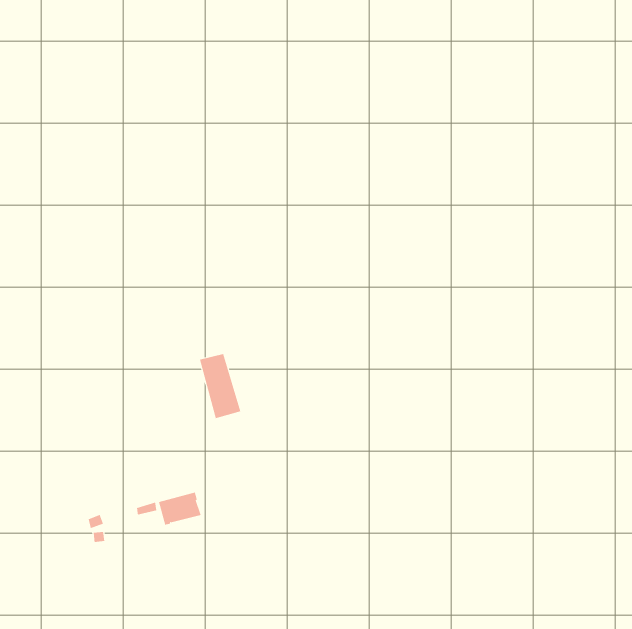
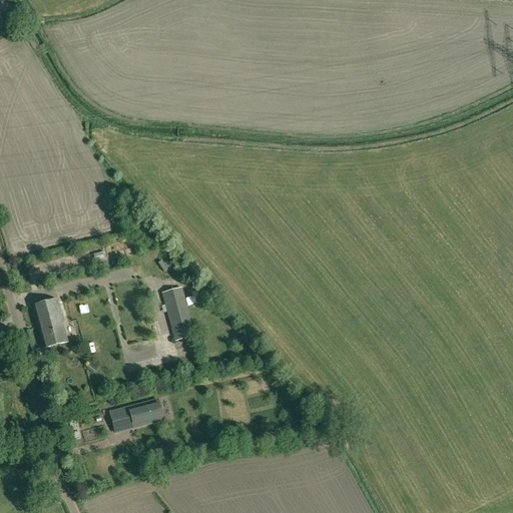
building: none -> [32,298,67,346]

